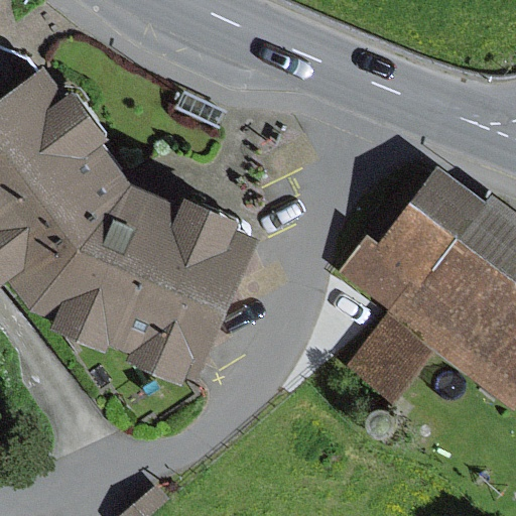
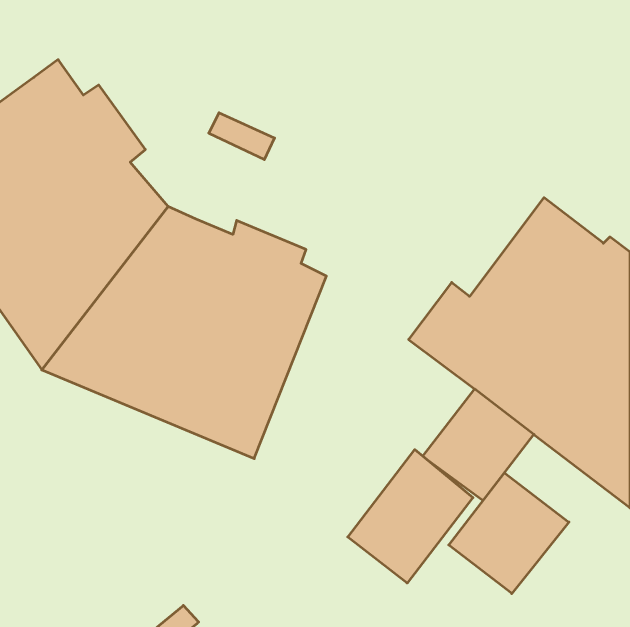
building: none -> [348,450,473,583]
building: none -> [449,473,569,594]

